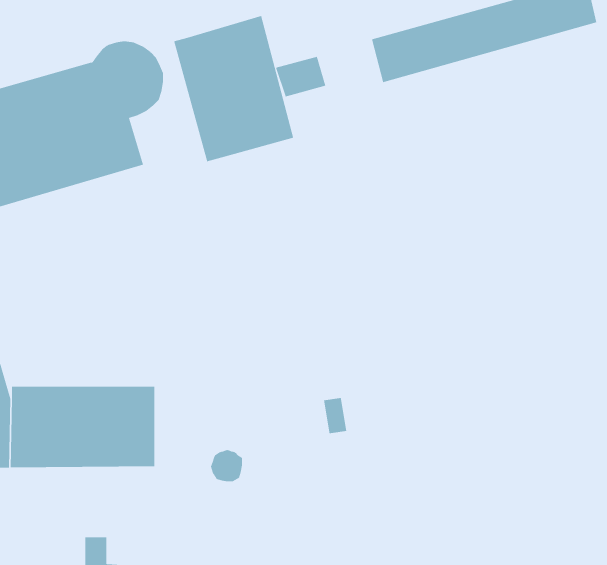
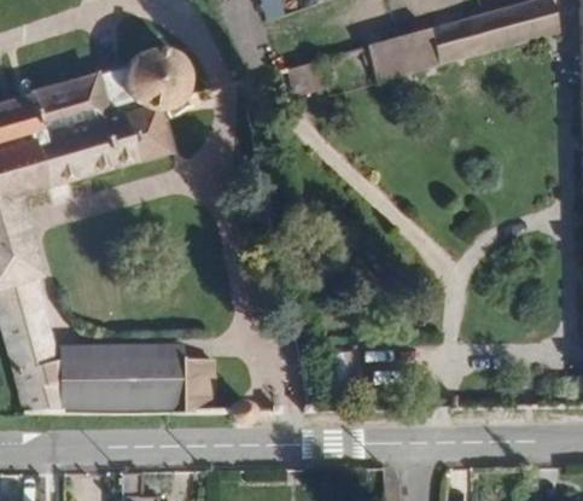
building: [173,15,294,162] -> none
building: none -> [183,356,217,410]

